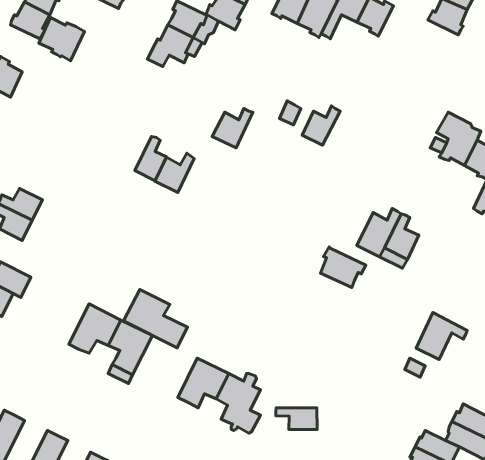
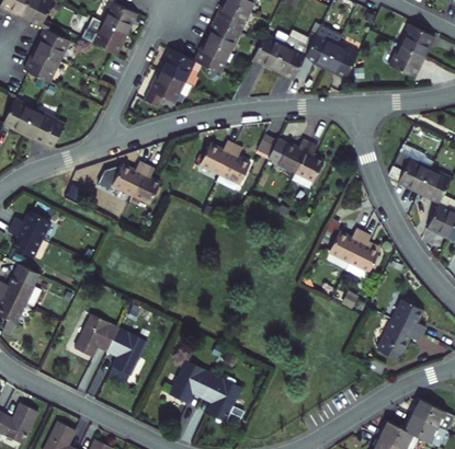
building: [39,18,85,61] -> [26,110,66,147]
building: none -> [293,143,323,188]
building: none -> [221,145,251,185]
building: [155,153,194,193] -> [114,161,148,195]
building: [321,247,366,288] -> none
building: [124,290,187,348] -> none
building: none -> [391,298,425,333]
building: [276,408,317,430] -> none

